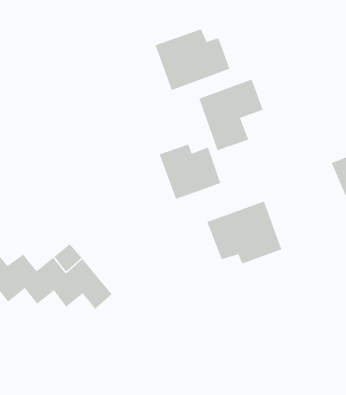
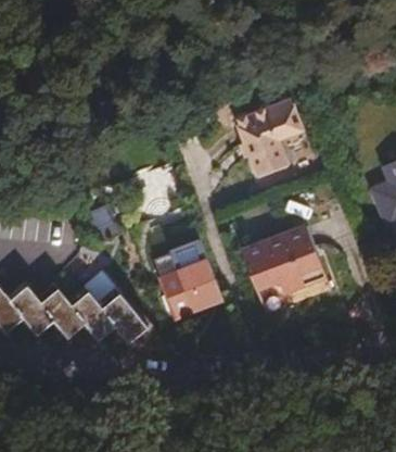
building: [155,29,230,91] -> none
building: [159,144,221,200] -> [156,259,221,317]

